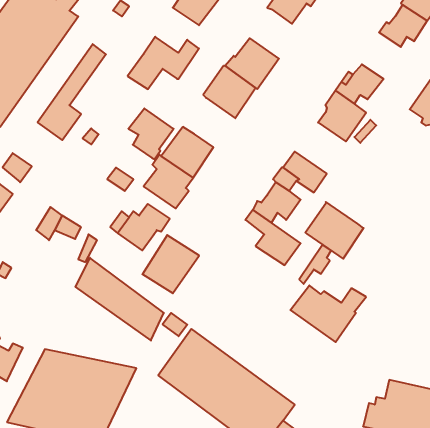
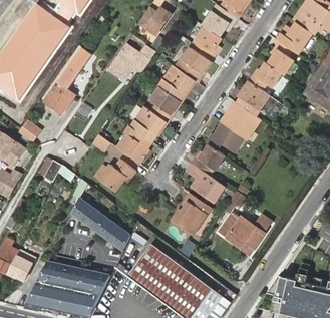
building: none -> [191,23,223,57]
building: none -> [268,39,295,72]
building: [128,108,174,159] -> [149,84,181,119]
building: [305,202,364,259] -> [221,99,261,138]
building: [142,235,199,293] -> [174,192,213,232]

